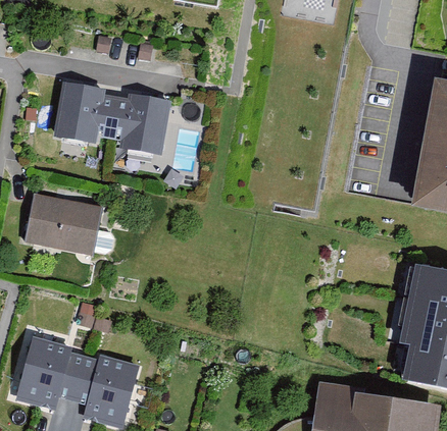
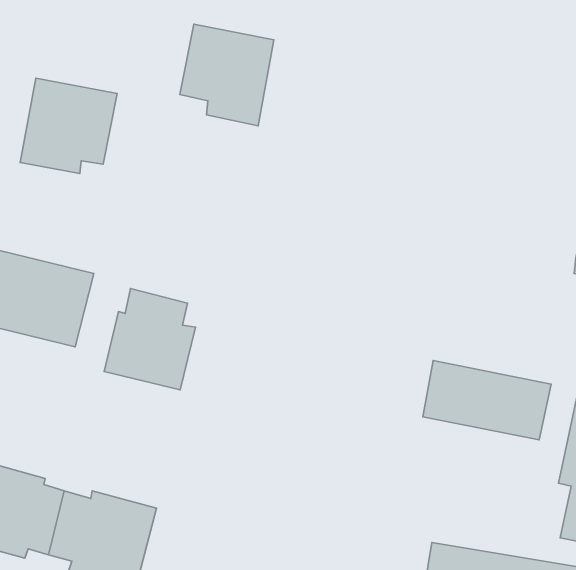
building: [105,91,166,157] -> [180,24,274,126]
building: none -> [104,288,195,390]
building: none -> [423,360,551,440]

